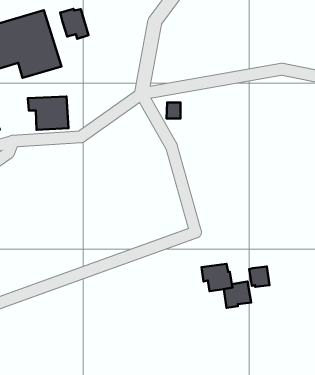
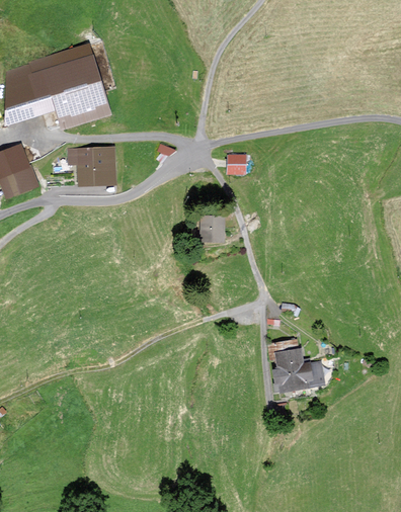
building: [60,9,89,39] -> none
building: none -> [202,217,224,241]
building: [249,267,269,287] -> [273,368,297,392]

